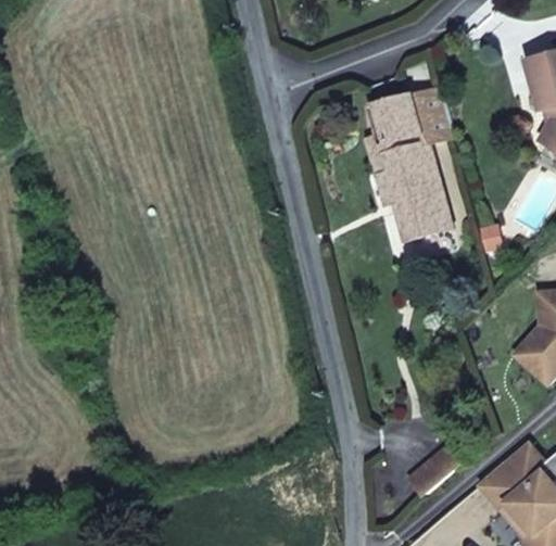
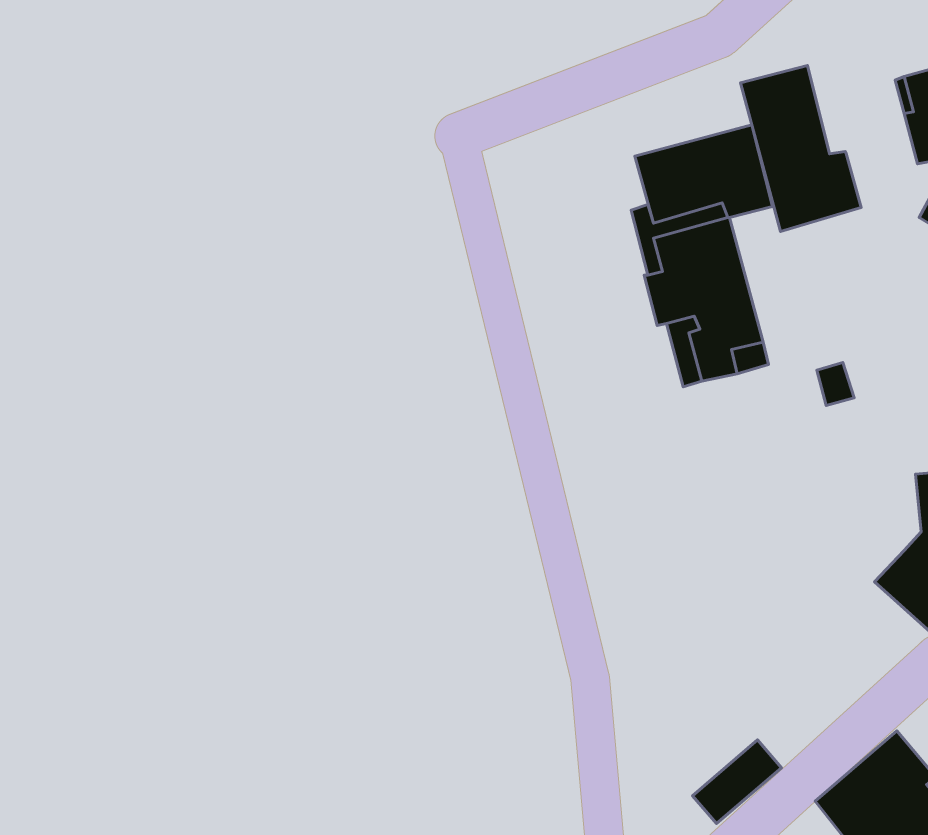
building: none -> [741,65,861,231]

